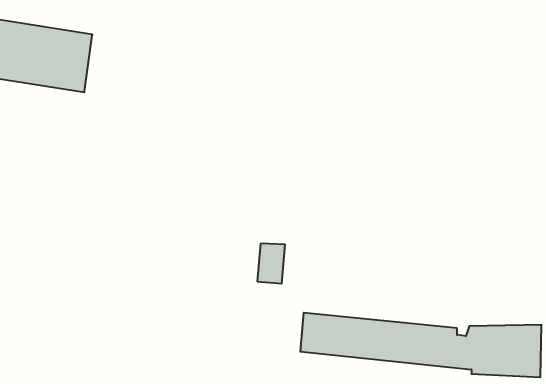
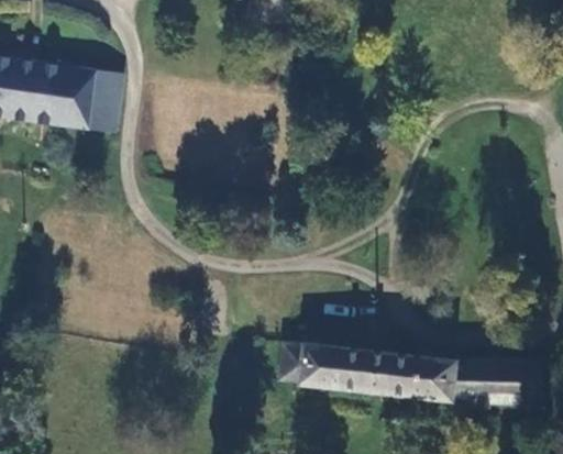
building: none -> [89,73,122,131]
building: [257,244,285,284] -> [278,345,306,385]

